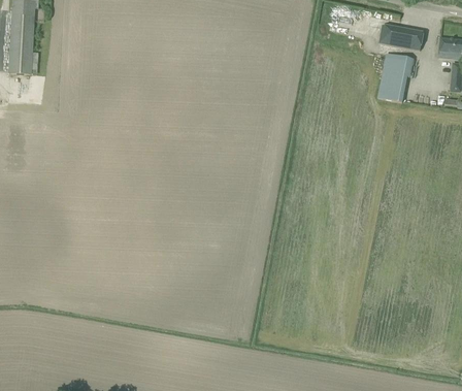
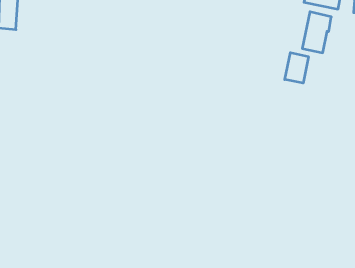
building: none -> [285,53,308,83]

